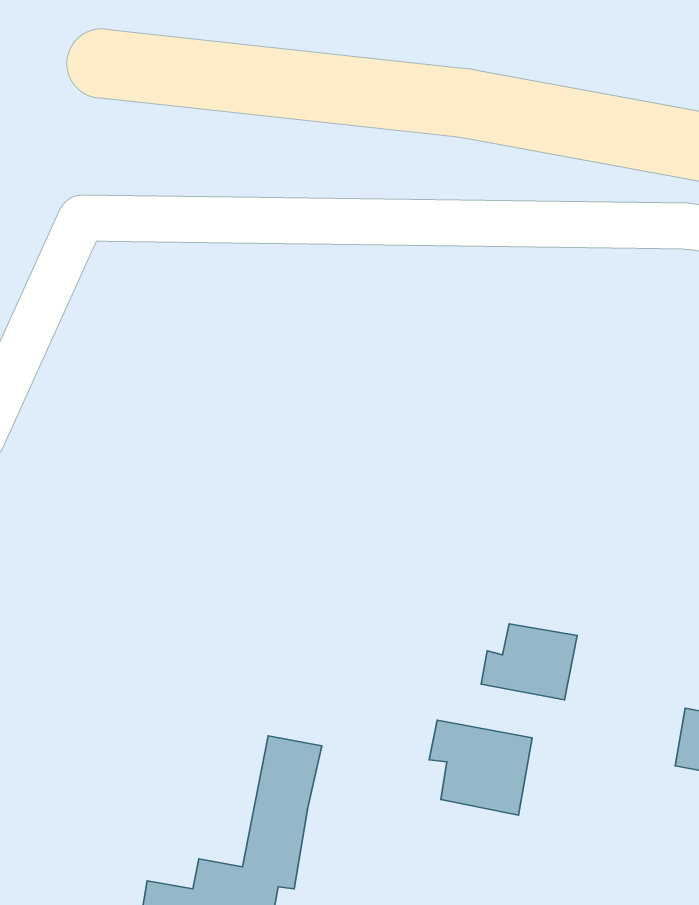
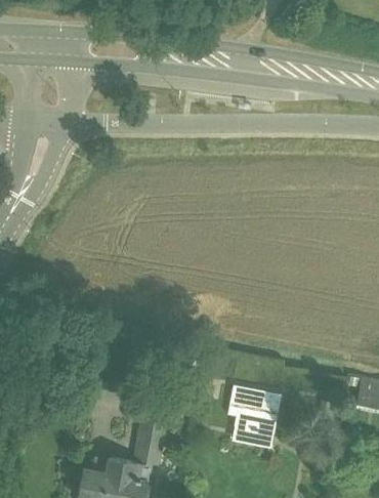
building: [481,624,577,700] -> none

